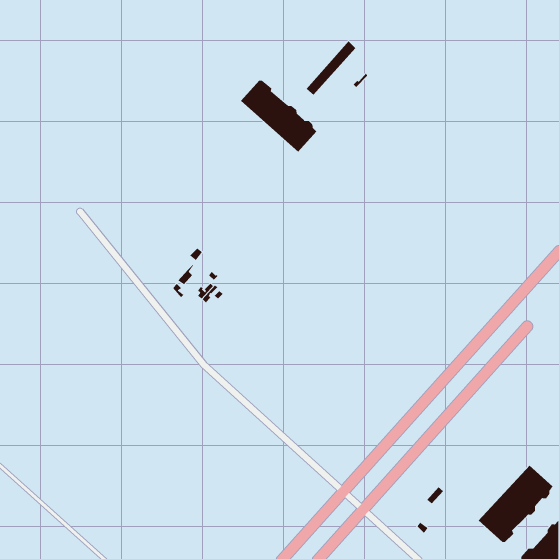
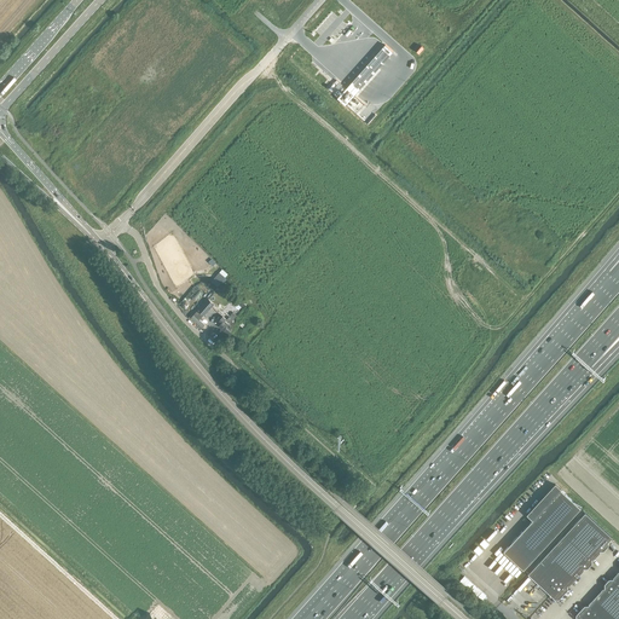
building: [240,80,317,152] -> none
building: none -> [503,486,579,572]

